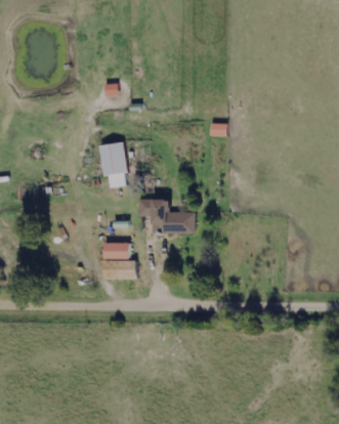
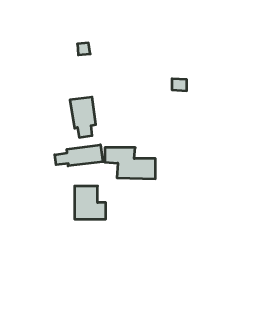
building: none -> [55,145,103,166]

